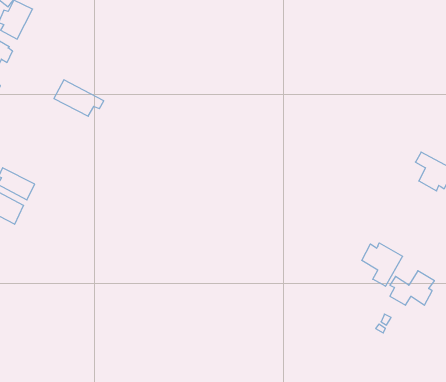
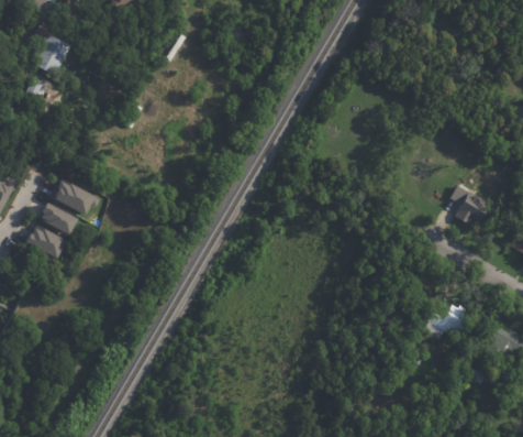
building: [54,80,104,116] -> [51,177,100,214]
building: [362,243,403,286] -> none

